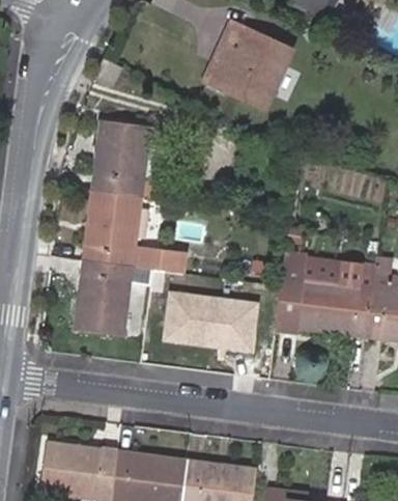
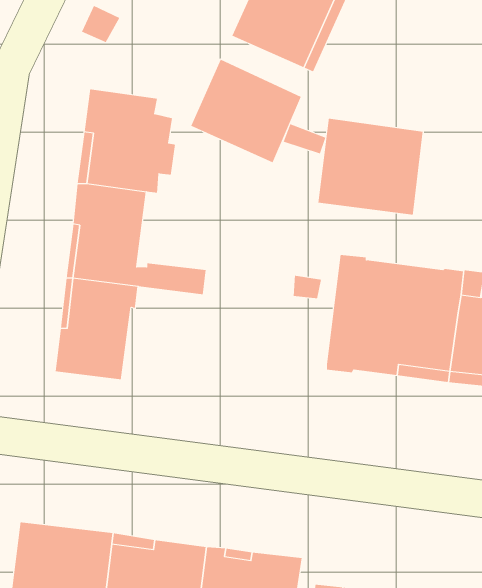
building: none -> [191,59,302,163]
building: none -> [318,118,423,215]
building: [160,295,255,357] -> none

